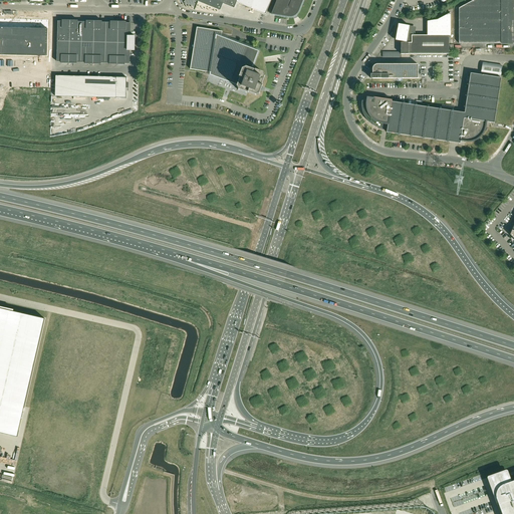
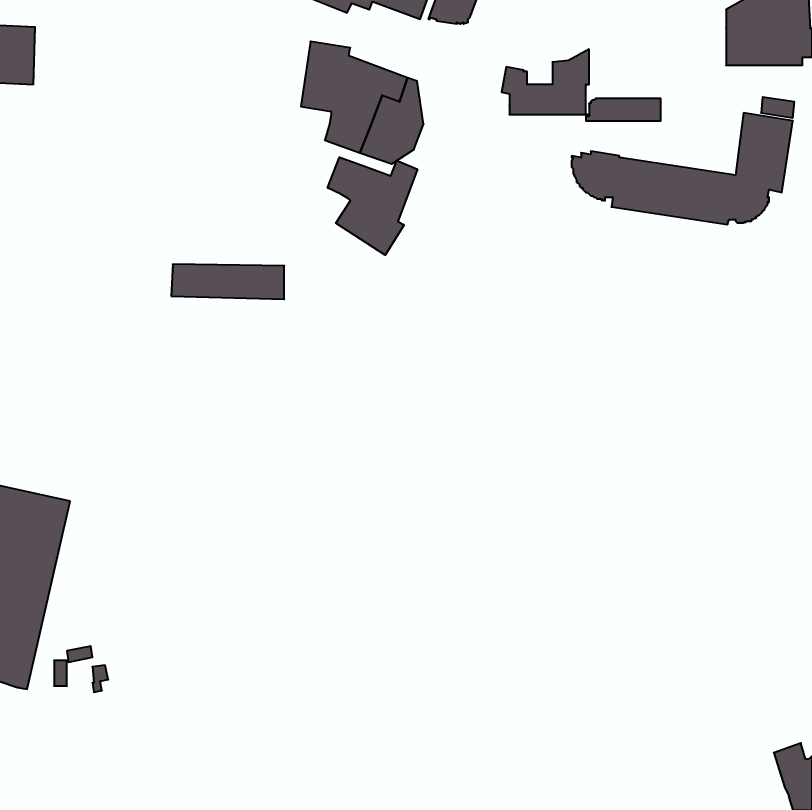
building: [395,11,450,52] -> [502,49,589,115]
building: [21,17,47,54] -> none
building: [56,18,134,63] -> none
building: [53,77,124,99] -> [171,264,284,299]
building: none -> [328,157,417,255]

